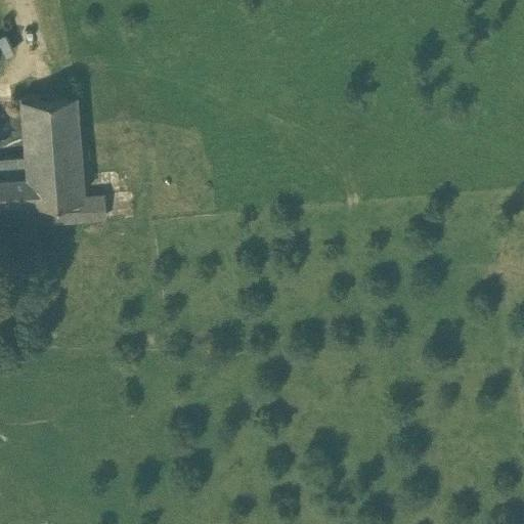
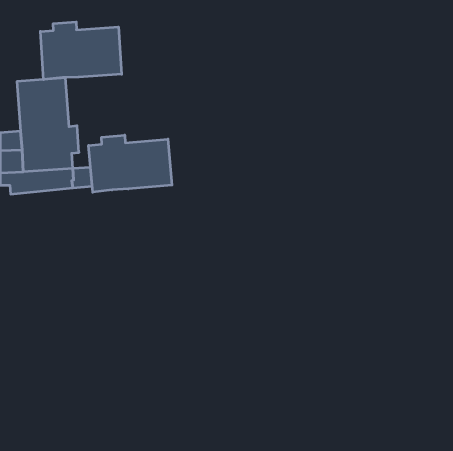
building: none -> [40,22,122,80]
building: none -> [89,135,172,192]

